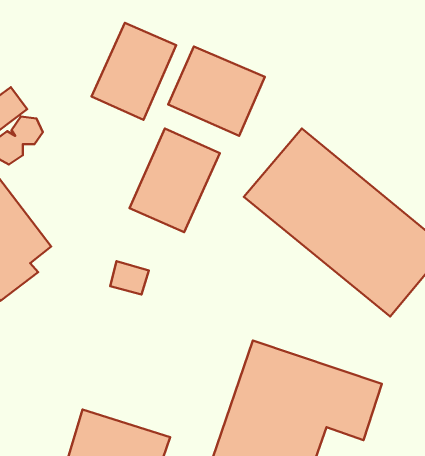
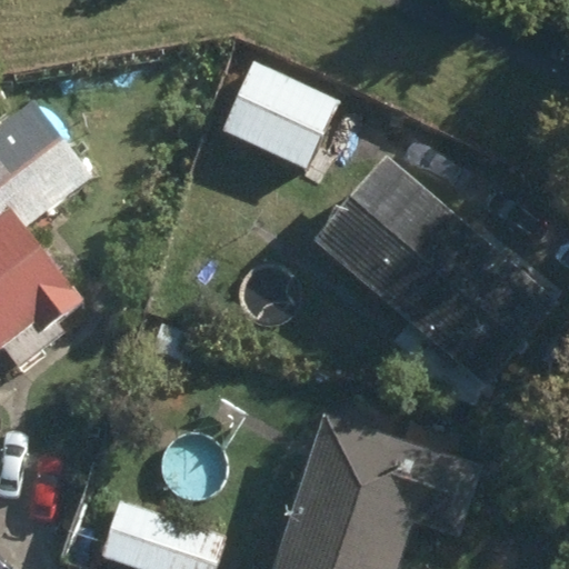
building: [91,23,176,120] -> none
building: [130,129,220,232] -> none

